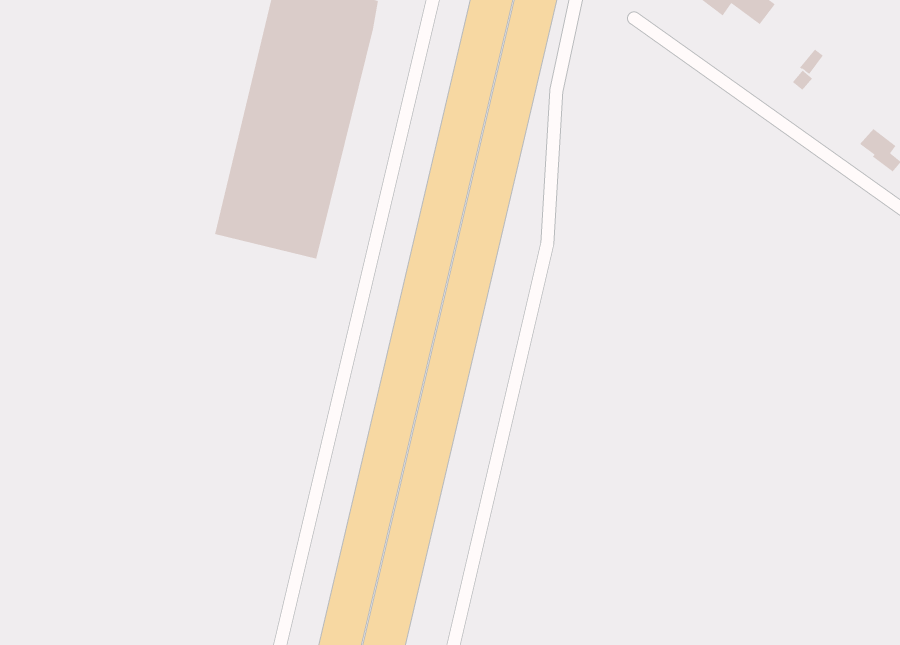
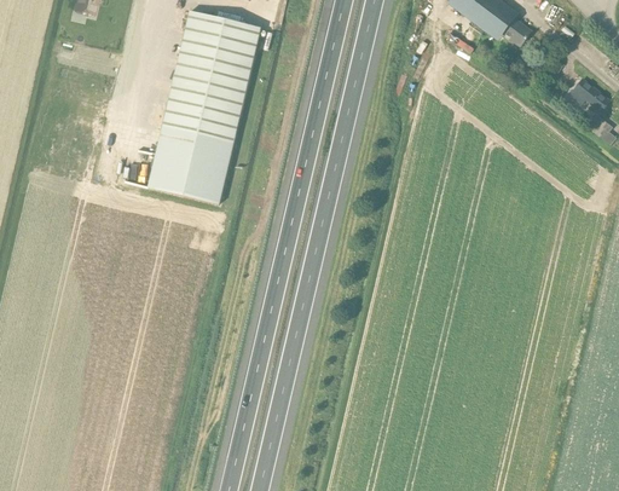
building: none -> [569,77,609,110]

